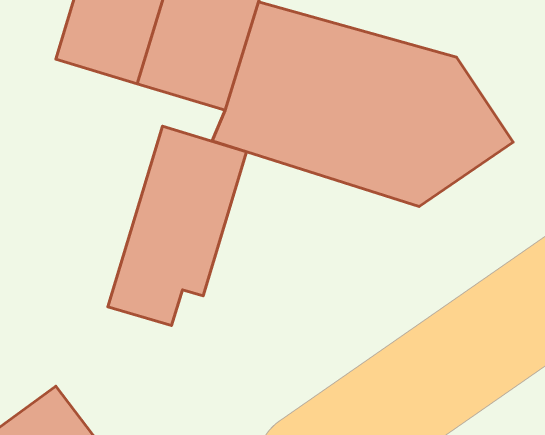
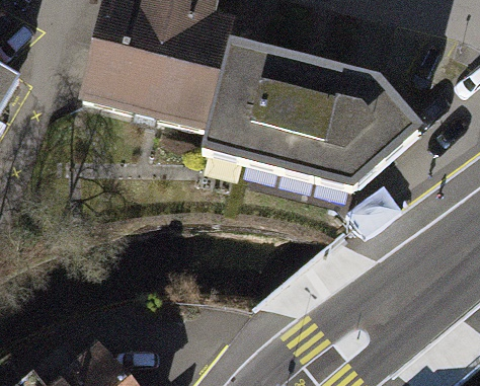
building: [108,126,247,325] -> none

